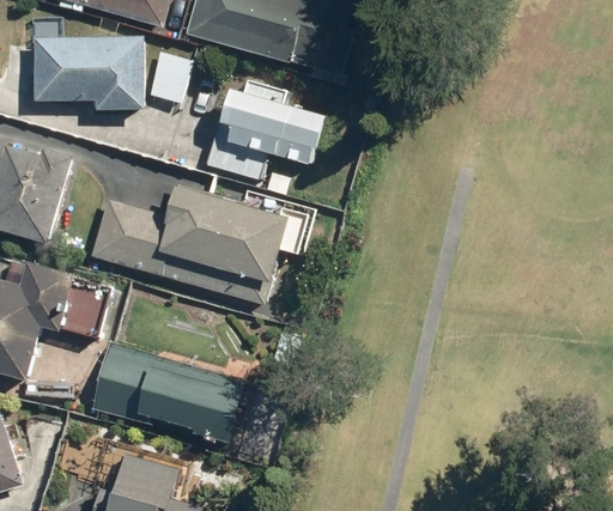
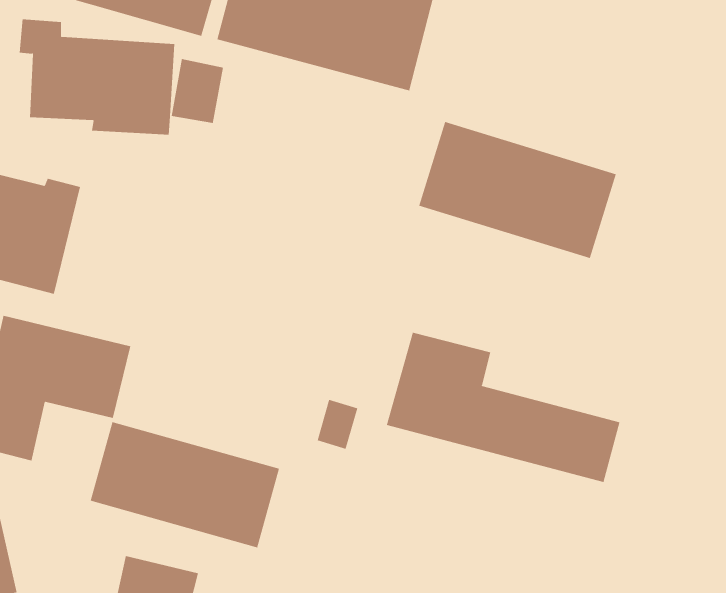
building: [198,84,330,185] -> none
building: none -> [418,121,617,259]
building: [87,181,311,305] -> none
building: none -> [386,332,620,483]

